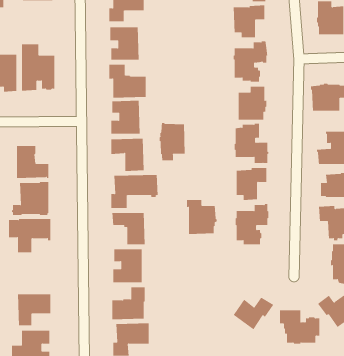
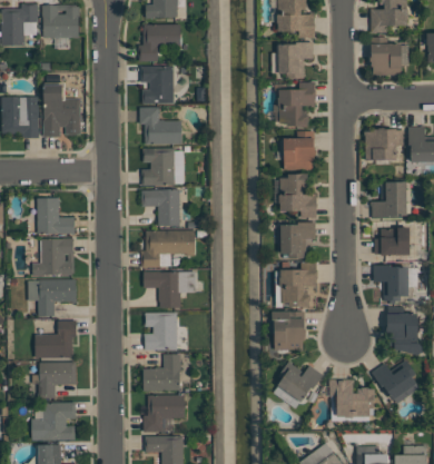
building: [159,122,185,161] -> none
building: [186,199,217,235] -> [272,312,306,351]
building: none -> [34,320,76,358]

